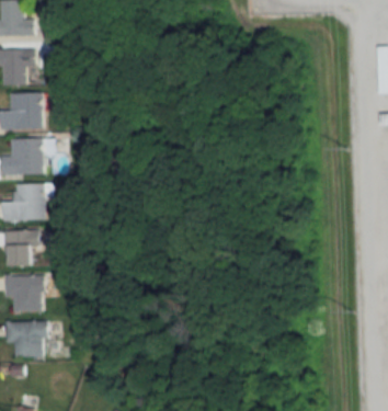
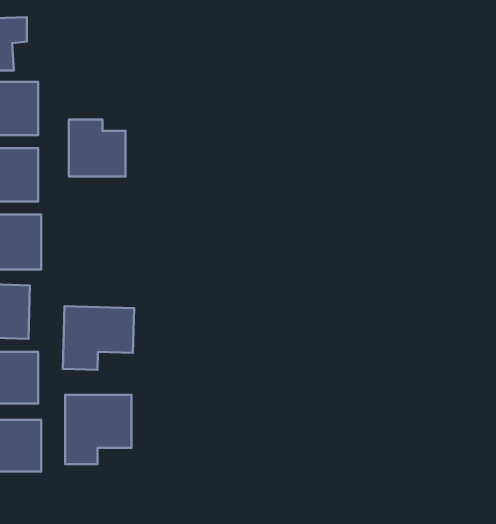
building: none -> [69,120,126,177]
building: none -> [63,306,134,370]
building: none -> [65,395,132,464]

